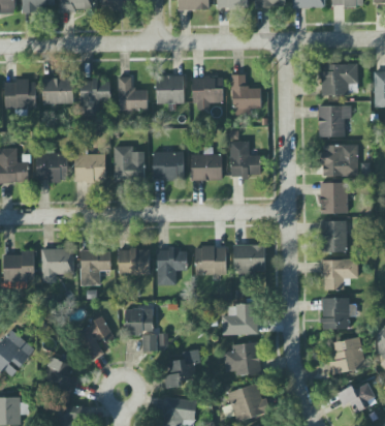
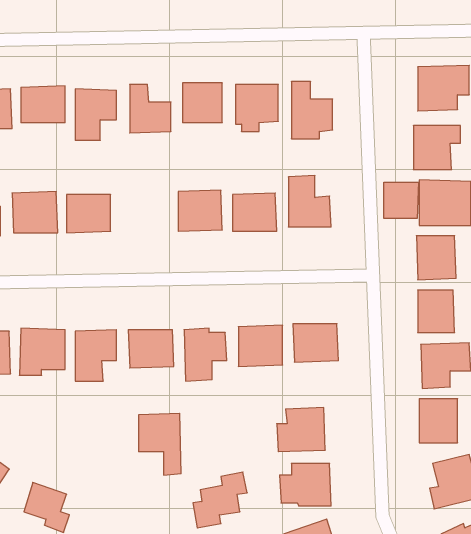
building: none -> [384,182,418,218]
building: [114,146,145,181] -> none
building: [77,318,116,360] -> none

